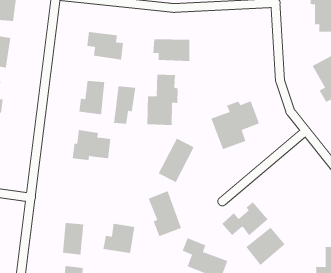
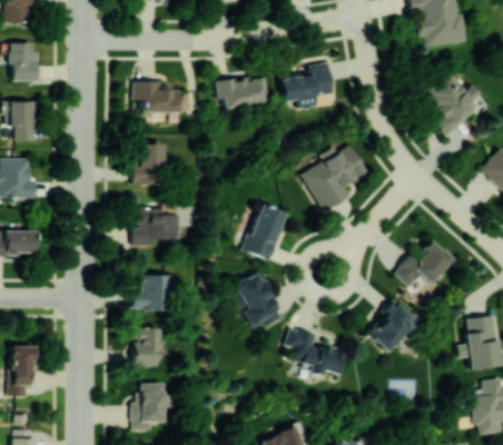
building: none -> [280,63,332,109]
building: [147,74,178,126] -> none
building: [114,85,136,124] -> none
building: [221,201,269,236] -> [394,240,453,287]
building: [102,223,135,254] -> [132,275,170,310]

